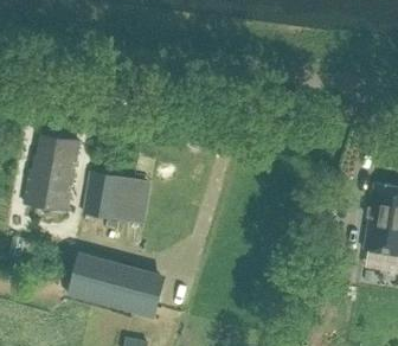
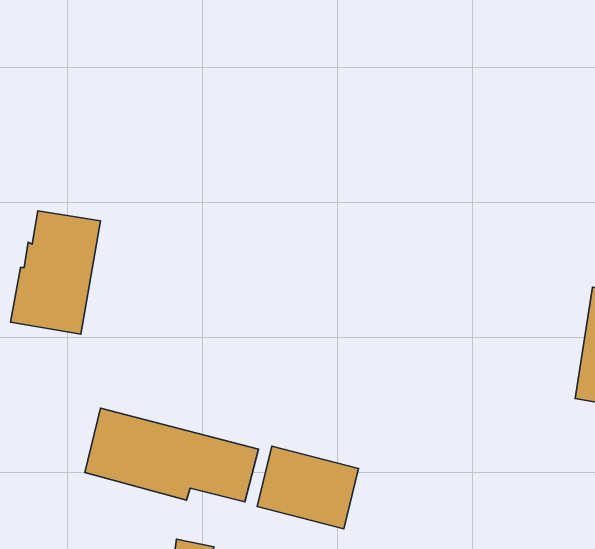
building: [83,171,149,223] -> none
building: none -> [257,446,359,529]

